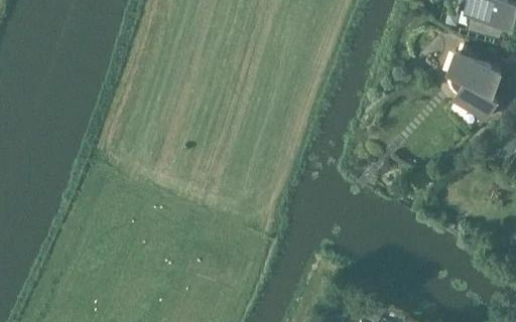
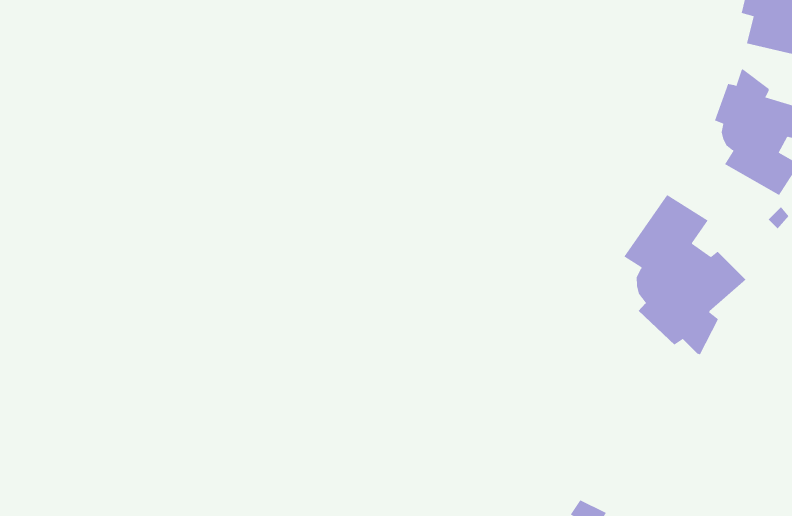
building: none -> [624,194,746,355]

